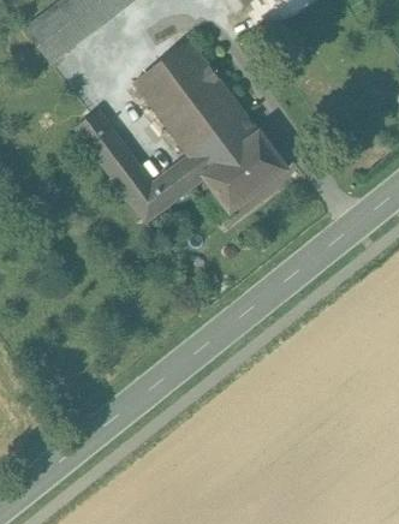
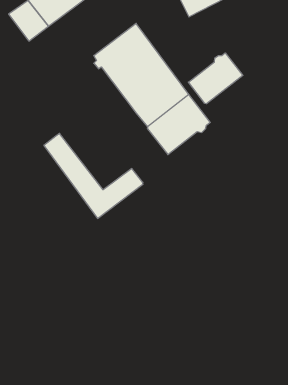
building: none -> [188,53,243,104]
building: [76,109,204,220] -> [44,133,143,218]

